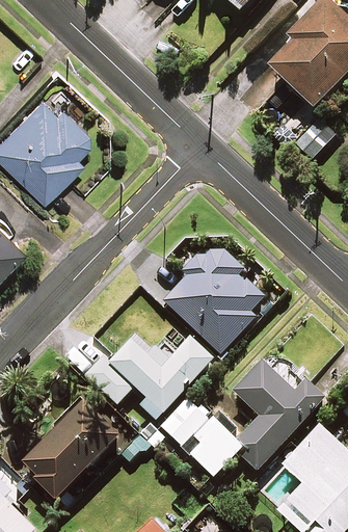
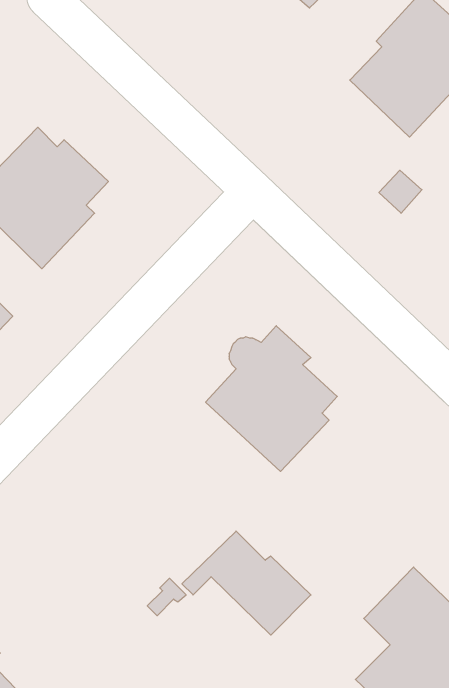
building: [90,337,213,420] -> none
building: [233,361,324,471] -> none
building: [23,403,119,507] -> none

